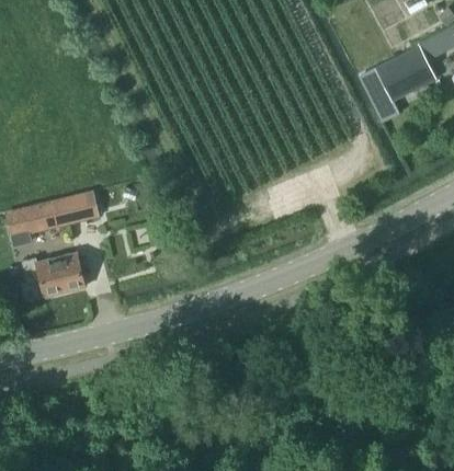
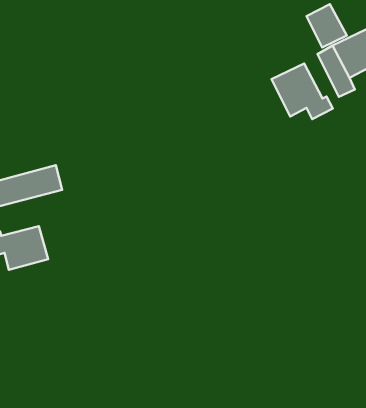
building: none -> [307,4,347,48]
building: none -> [271,64,333,119]

